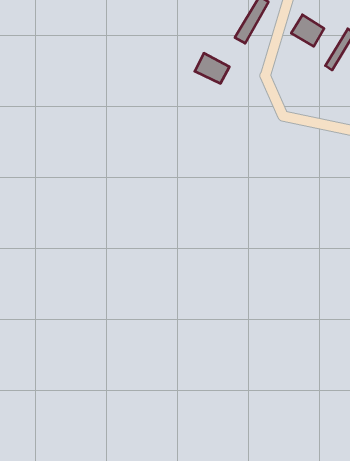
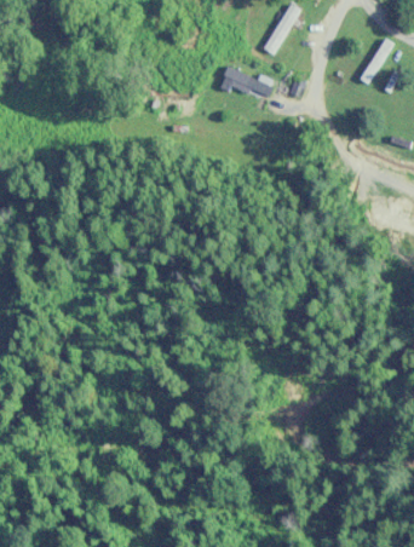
building: [291,15,324,46] -> none

